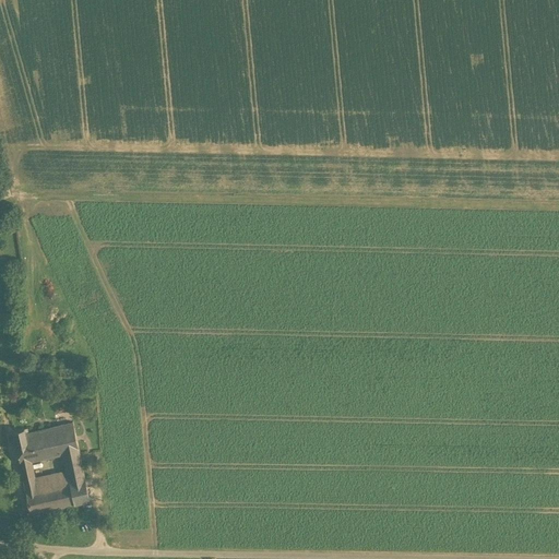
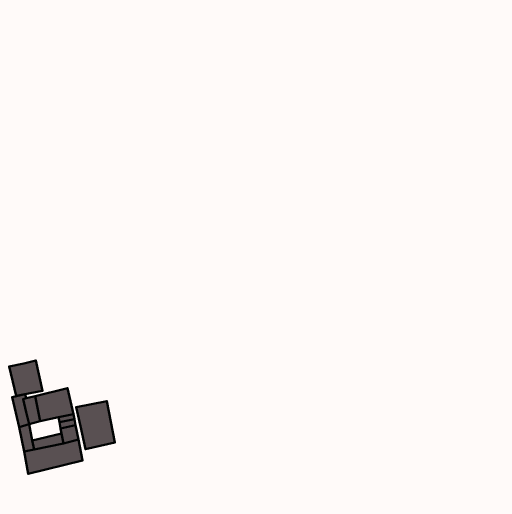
building: none -> [9,360,42,396]
building: none -> [76,401,115,449]

